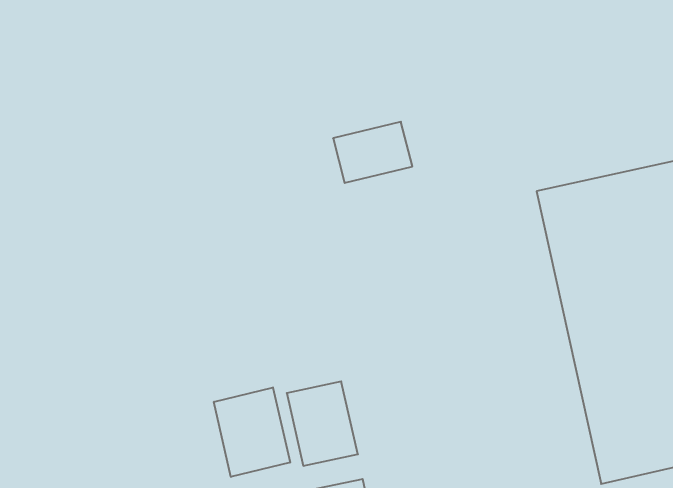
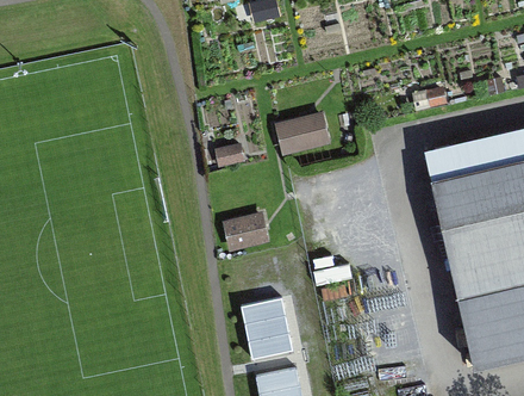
building: none -> [225,208,275,248]
building: [214,387,290,477] -> none

